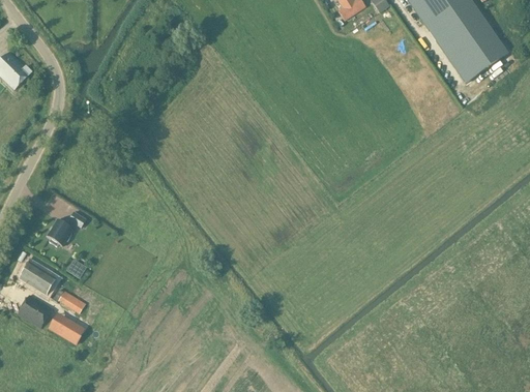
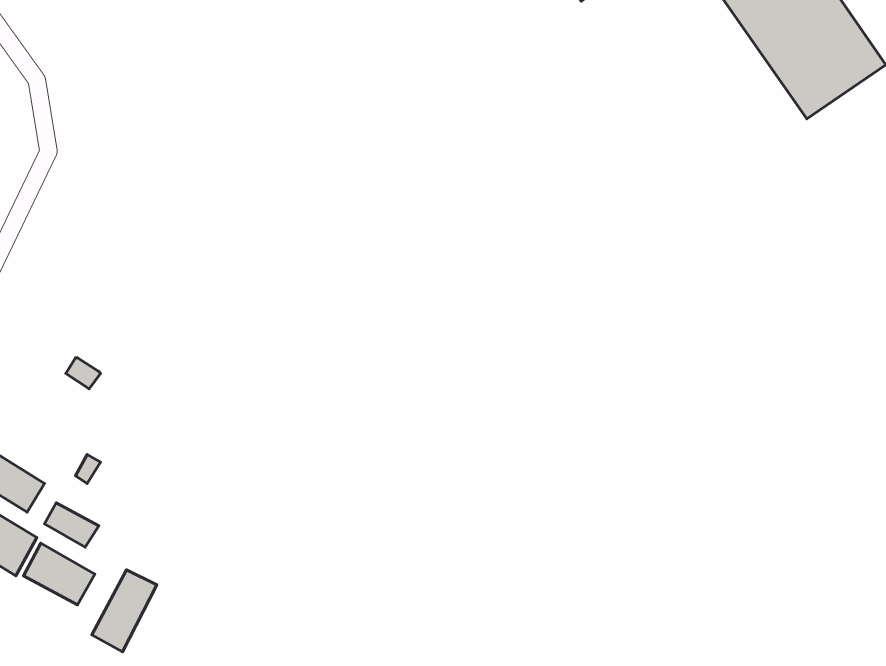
building: [47,219,72,246] -> none
building: none -> [92,570,157,652]

